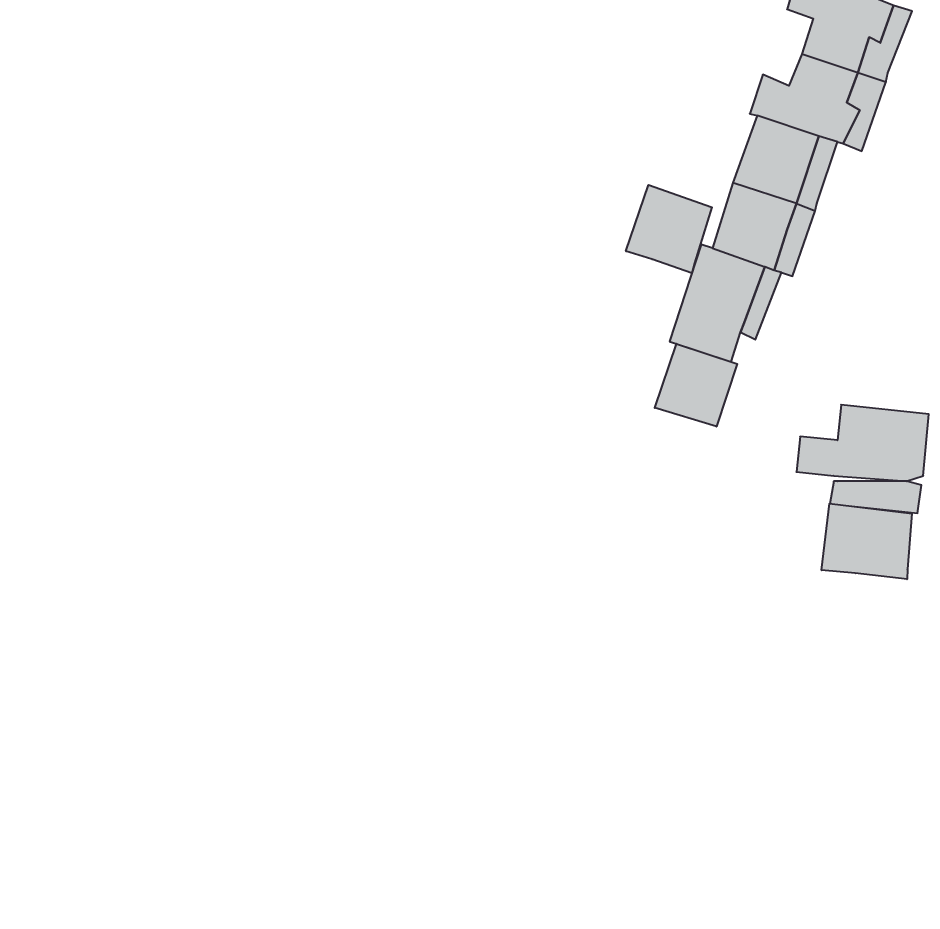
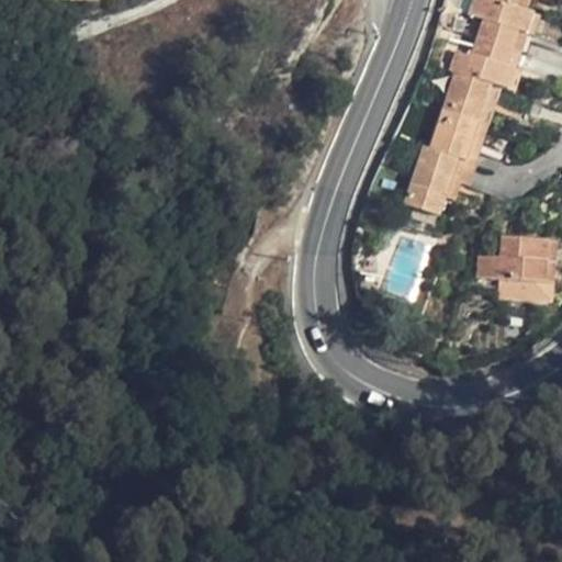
building: [626,185,712,273] -> none
building: [655,344,737,427] -> none
building: [822,504,912,579] -> none

